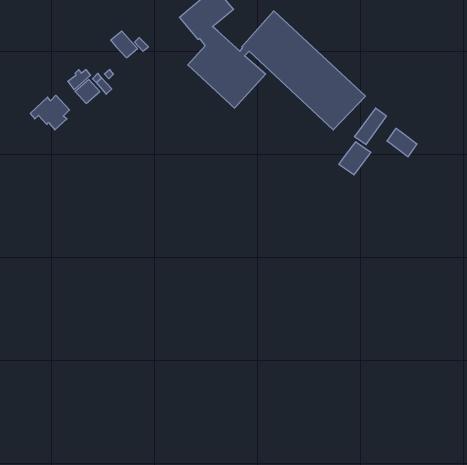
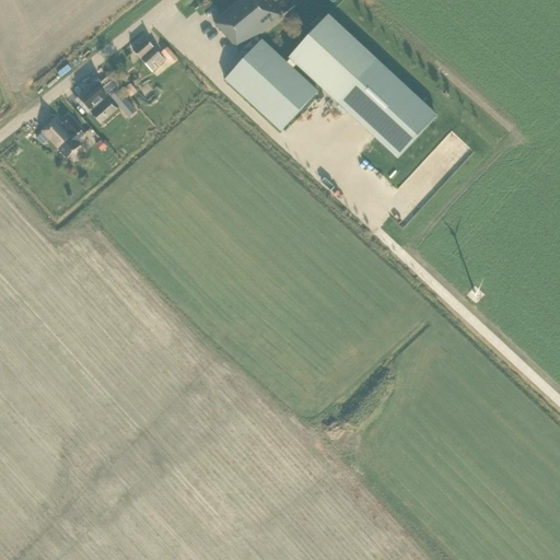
building: [387,128,417,157] -> none
building: [339,142,371,175] -> none

